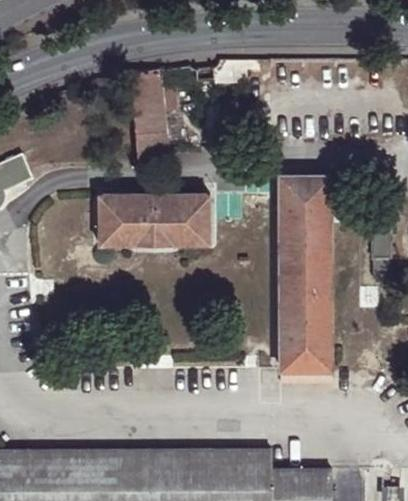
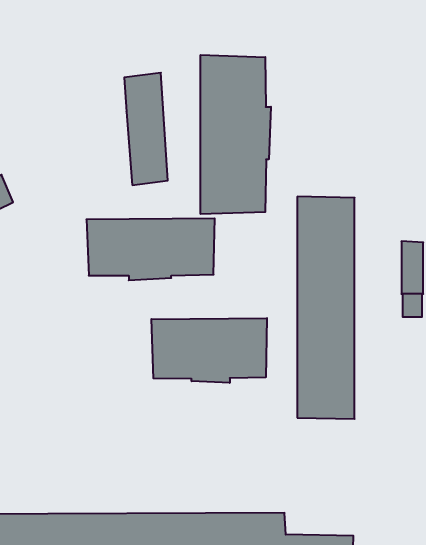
building: none -> [201,55,271,214]
building: none -> [151,318,267,383]

